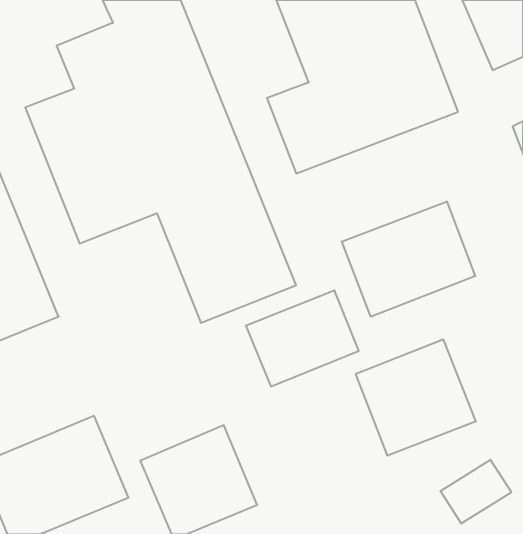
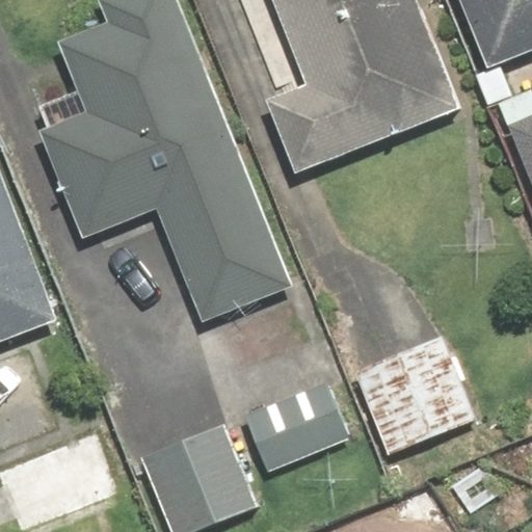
building: [342,201,475,317] -> none
building: [246,290,359,387] -> [238,378,350,474]

